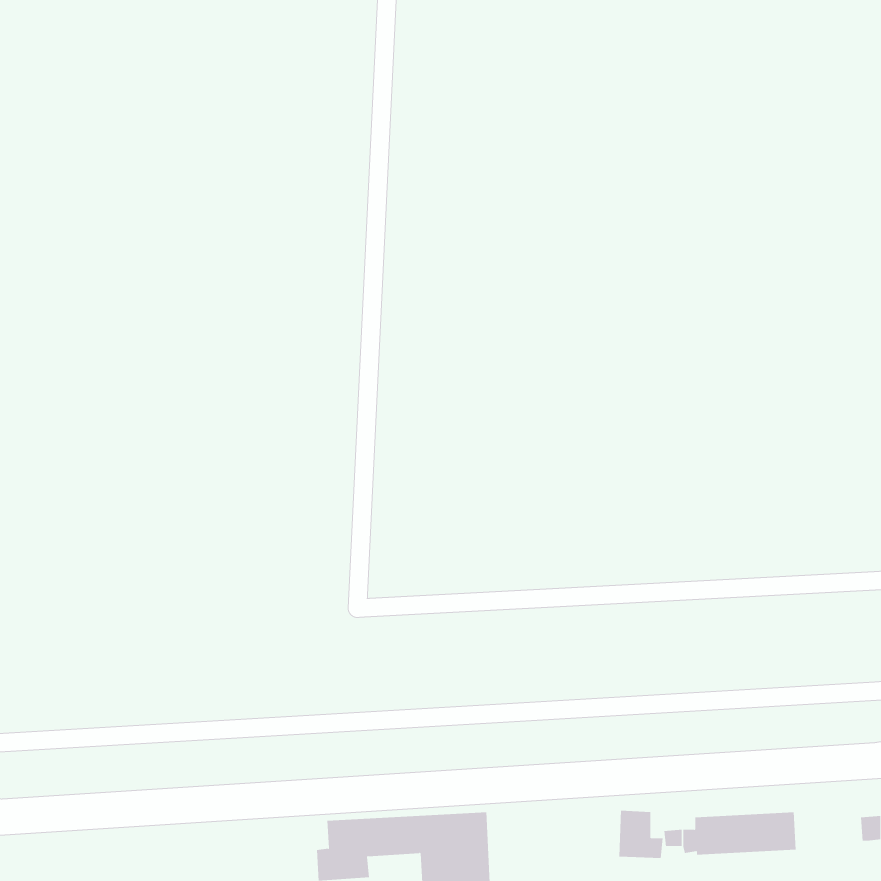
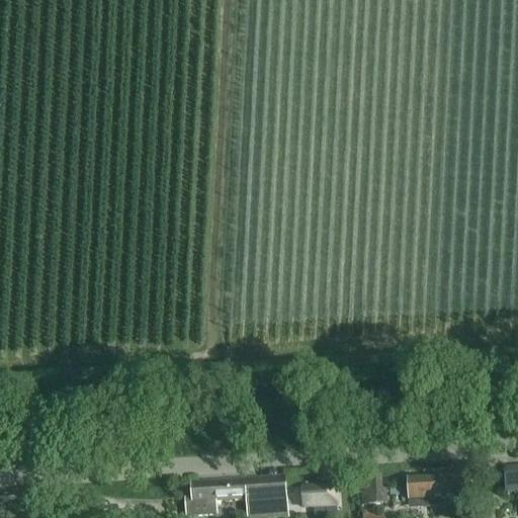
building: none -> [301,487,336,509]

